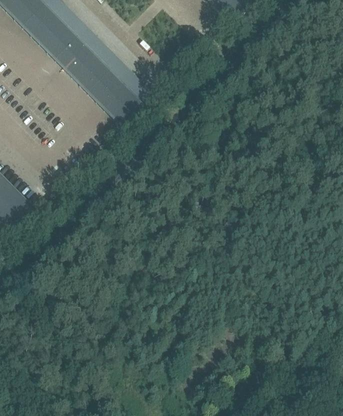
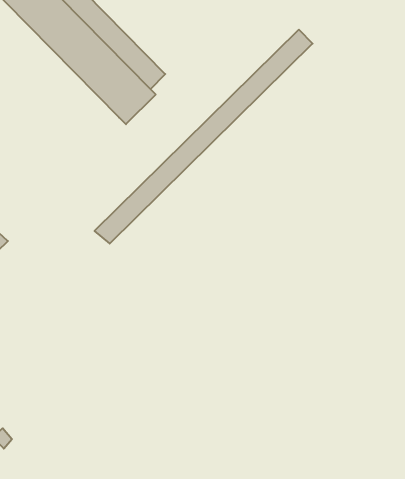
building: none -> [95,30,313,244]

